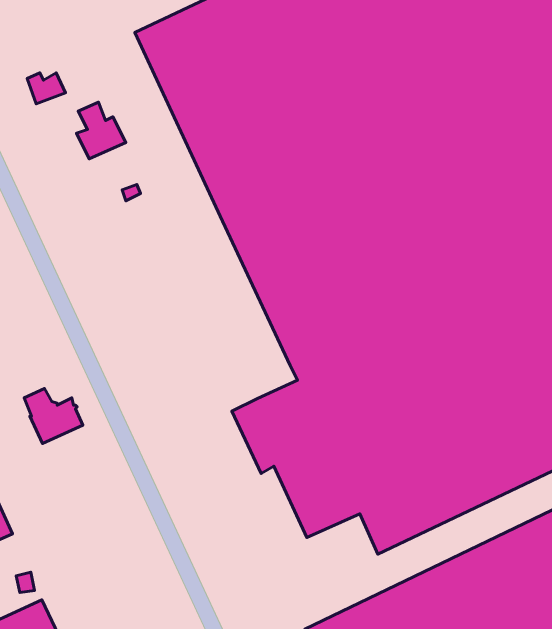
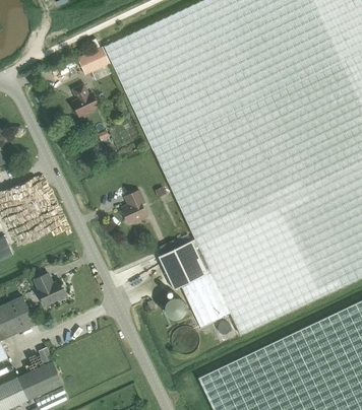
building: none -> [76,48,110,76]
building: none -> [122,191,147,223]
building: [24,389,83,444] -> [35,275,67,305]

